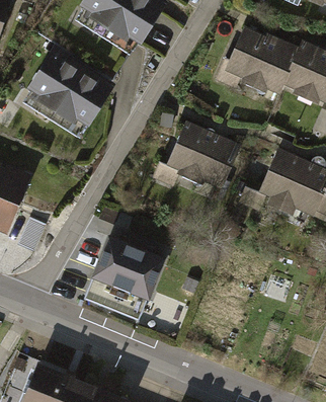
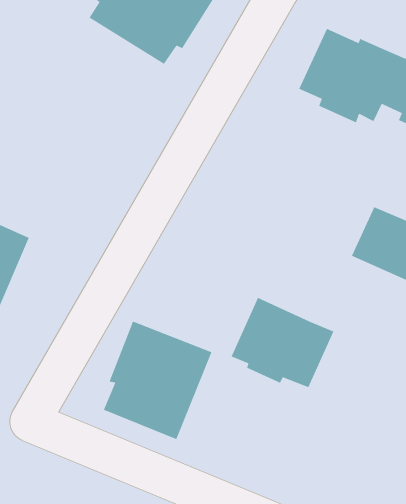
building: [24,47,114,136] -> none
building: [166,122,240,186] -> [230,297,335,388]

